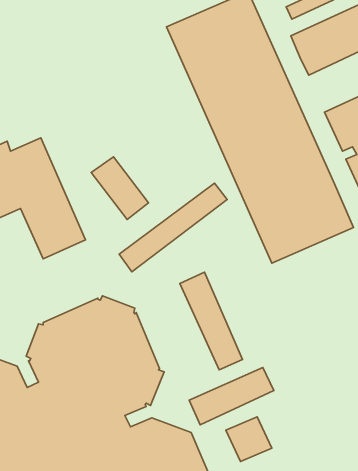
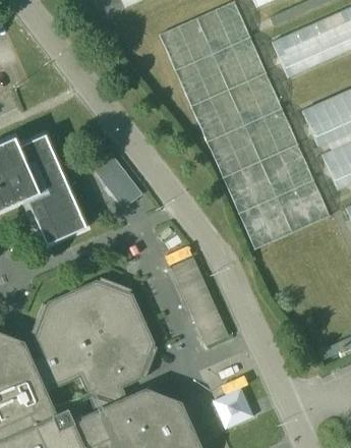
building: [119,183,227,272] -> none
building: [189,367,274,425] -> none

